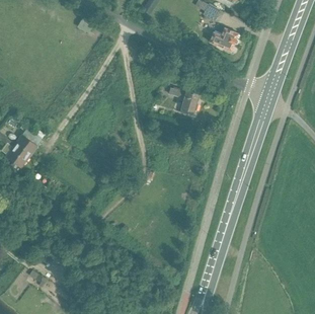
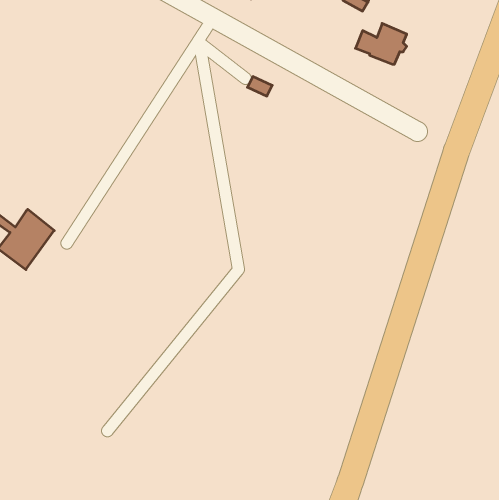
building: [167,87,196,114] -> none

